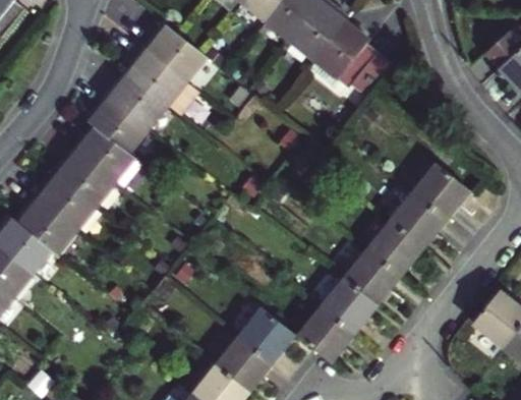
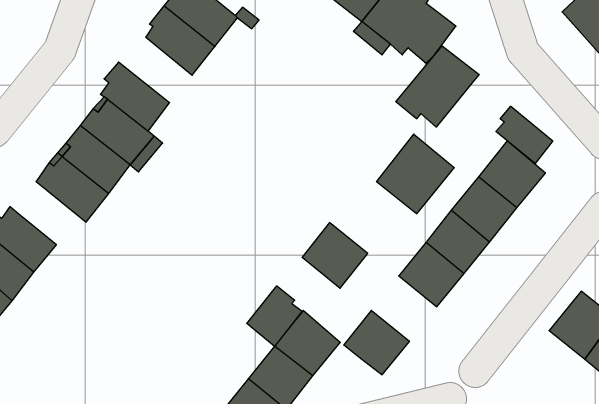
building: [106,73,169,129] -> none
building: none -> [396,46,479,127]
building: none -> [496,106,553,164]
building: none -> [377,134,454,214]
building: [19,196,78,255] -> none
building: [322,277,378,333] -> [302,223,368,288]
building: none -> [247,286,302,346]

